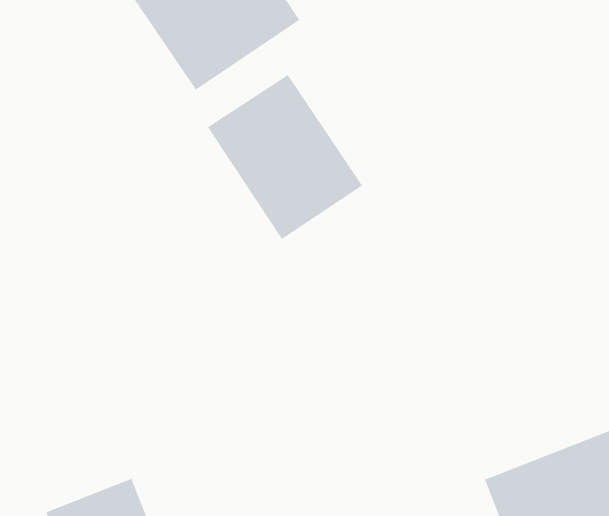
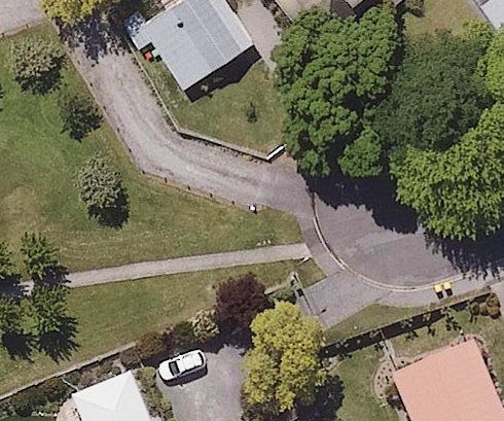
building: [207,74,363,240] -> none

